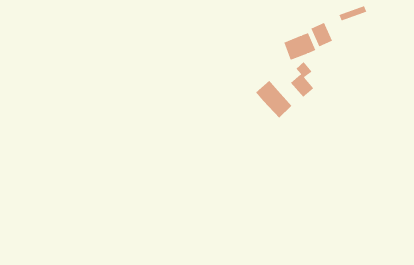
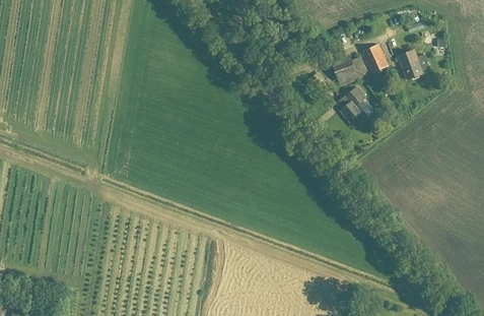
building: none -> [398,49,428,78]
building: [255,80,292,119] -> none

